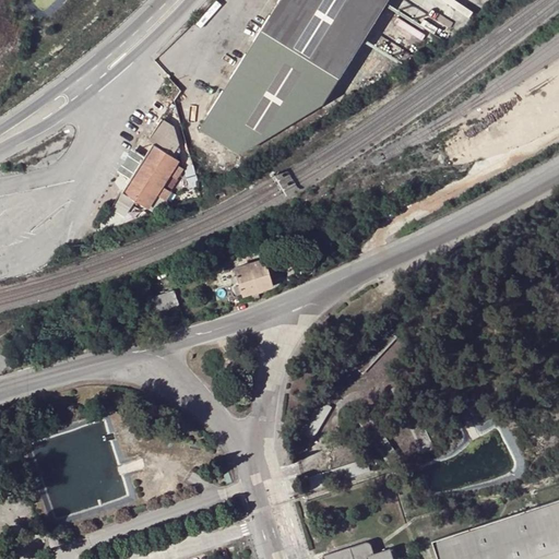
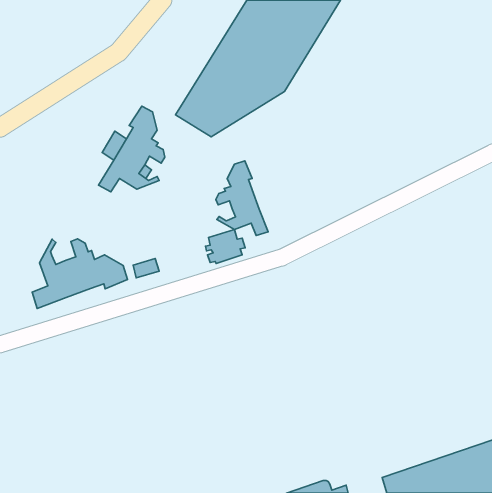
building: none -> [216,161,268,236]
building: none -> [32,239,127,309]

